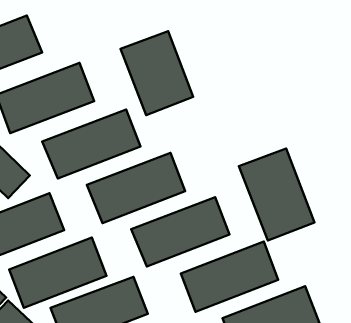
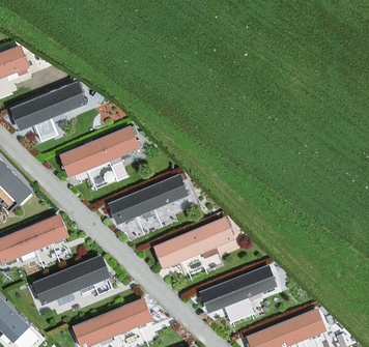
building: [121,31,193,115] -> none
building: [239,149,314,241] -> none

